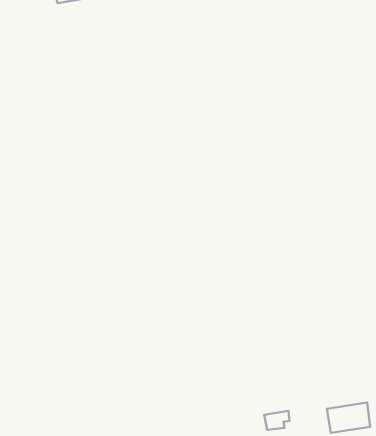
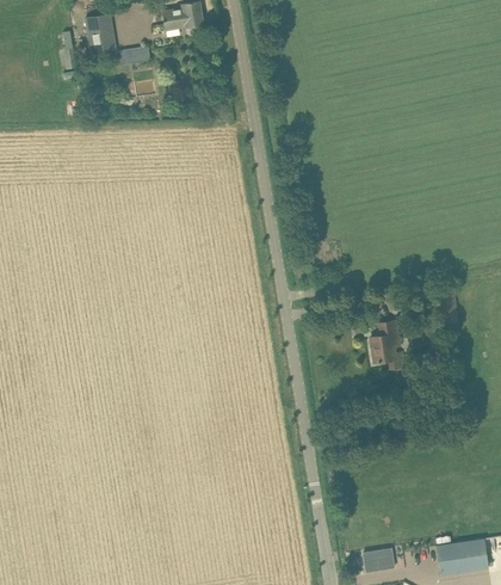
building: none -> [372,320,406,369]

